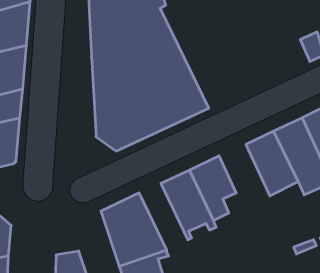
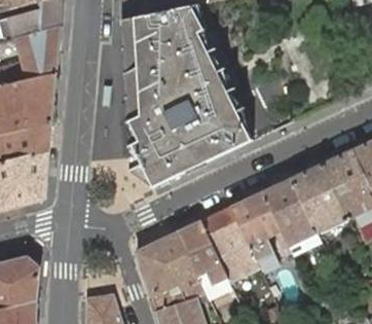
building: none -> [263,179,317,246]
building: none -> [177,221,230,295]

